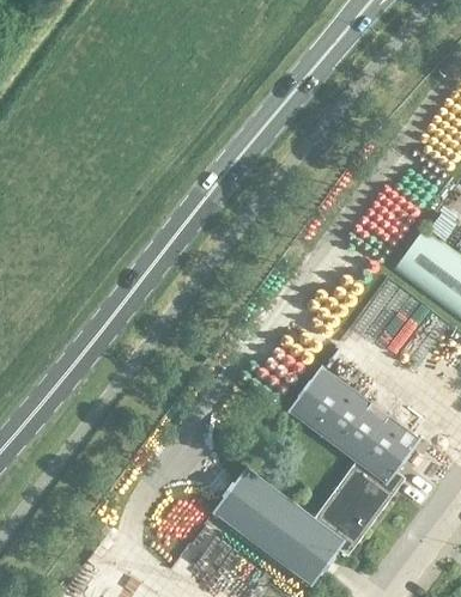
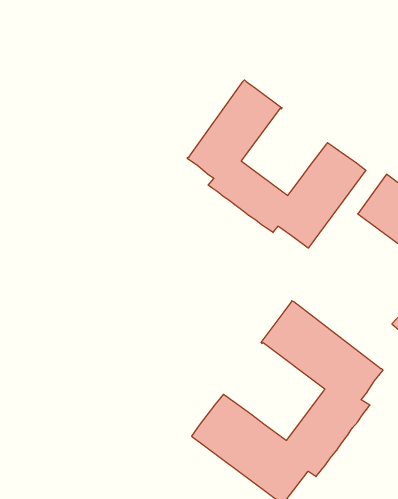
building: none -> [187,80,366,248]

